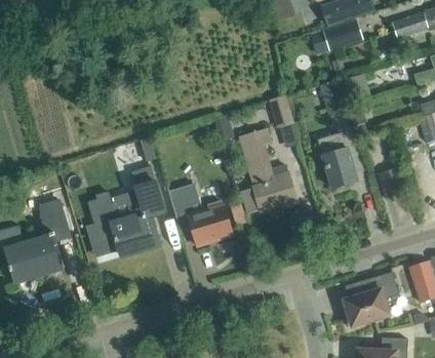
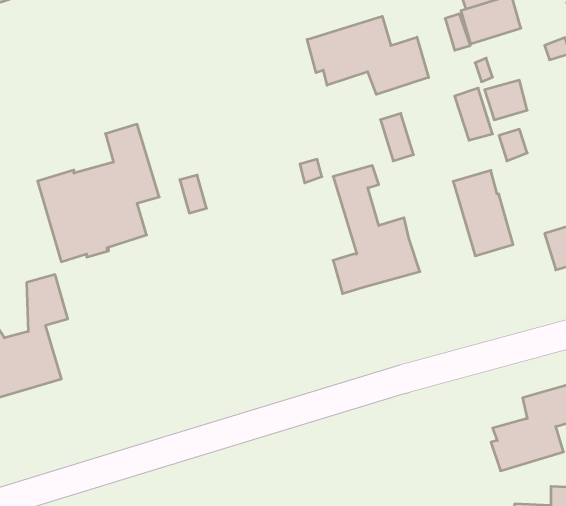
building: none -> [307,16,429,94]
building: [87,165,166,254] -> [38,124,159,262]
building: [168,183,233,245] -> none

